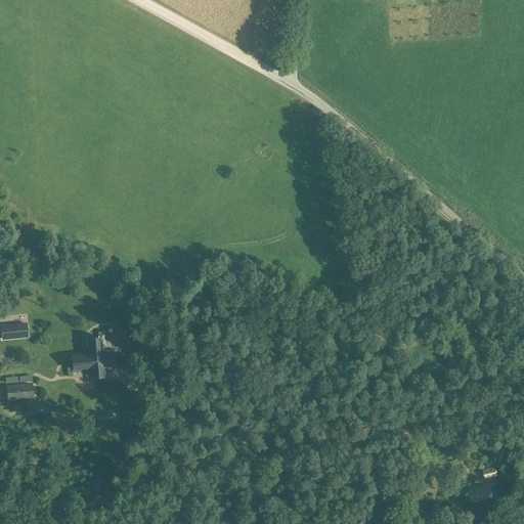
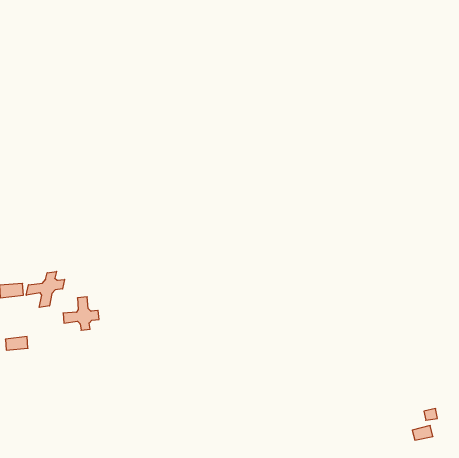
building: none -> [26,271,65,307]

